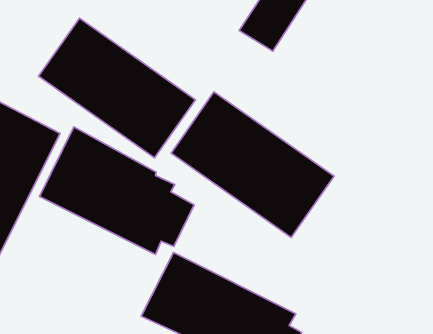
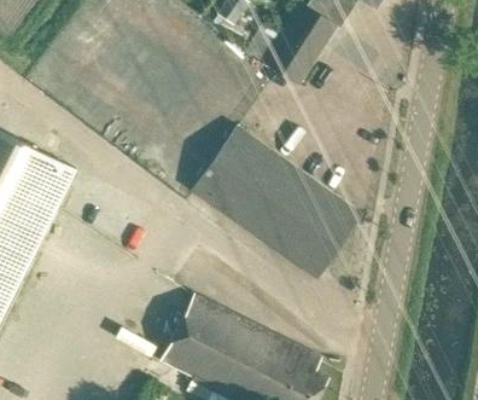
building: [39,18,195,158] -> none
building: [40,127,194,254] -> none

